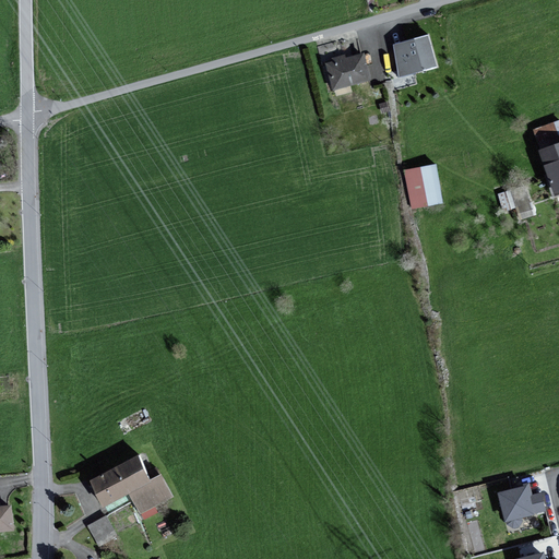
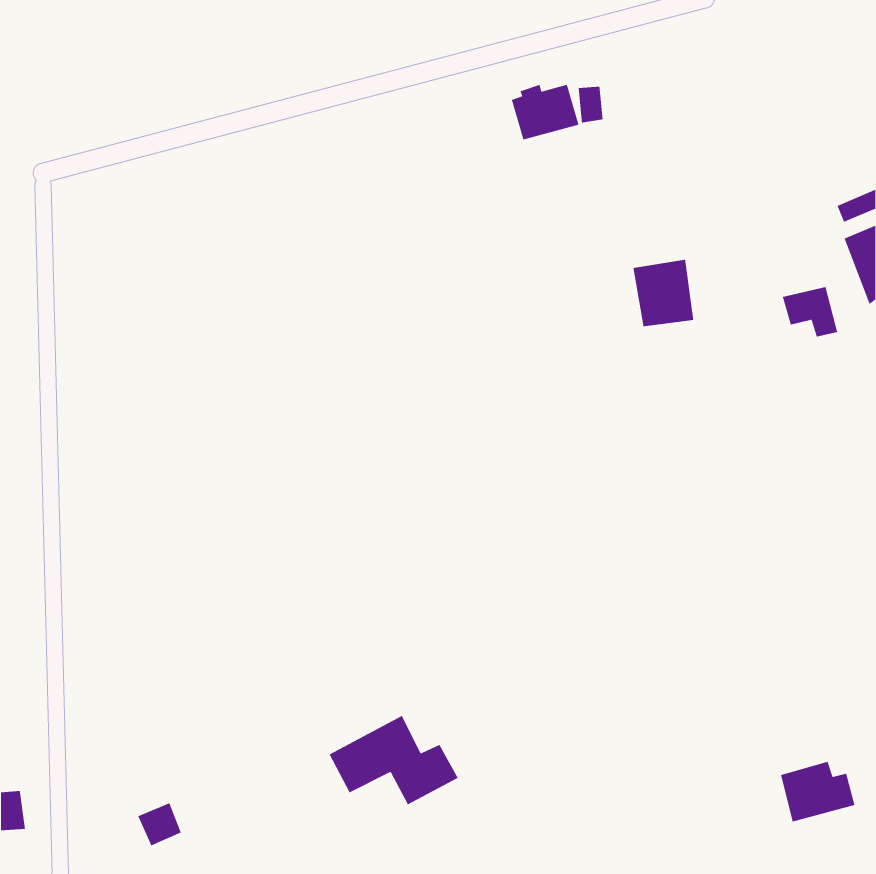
building: [392,37,435,75] -> none
building: [90,456,173,514] -> [329,715,459,806]

